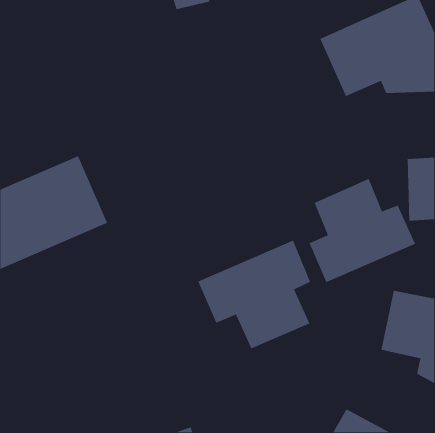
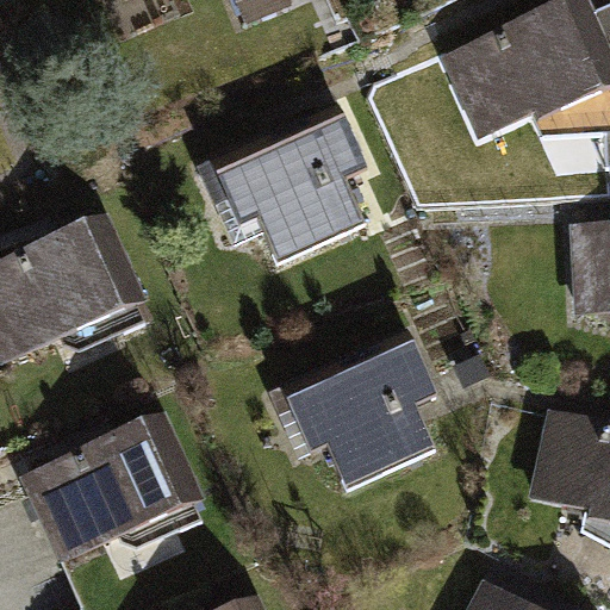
building: none -> [204,112,363,264]
building: [309,178,416,283] -> none
building: none -> [21,411,216,573]

